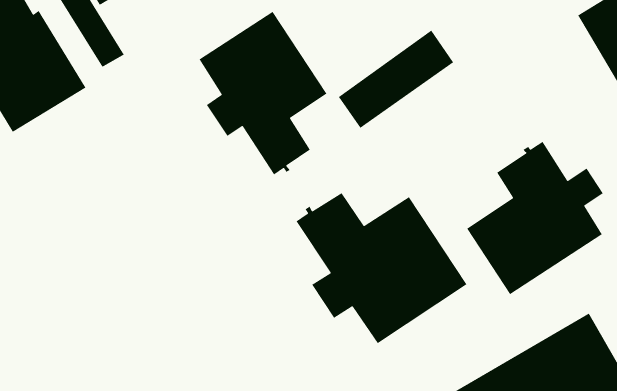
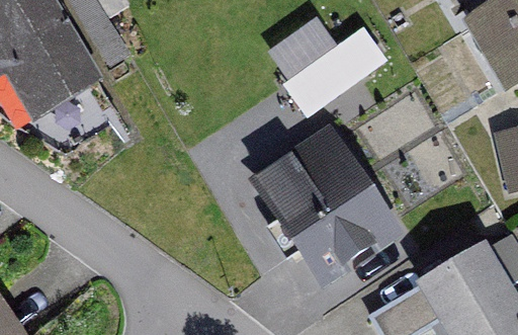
building: [198,11,327,175] -> none
building: [466,141,604,295] -> none

